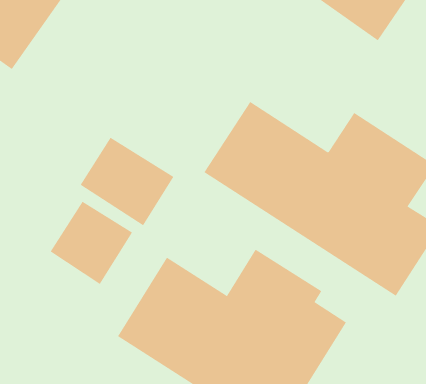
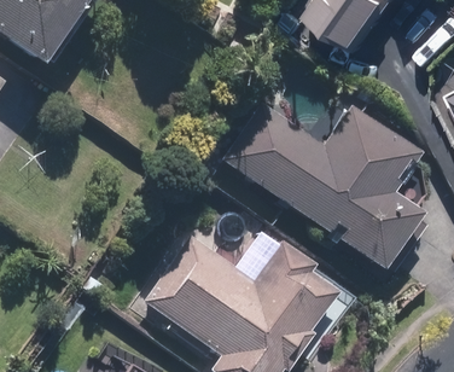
building: [80,137,174,226] -> none
building: [50,201,133,285] -> none

